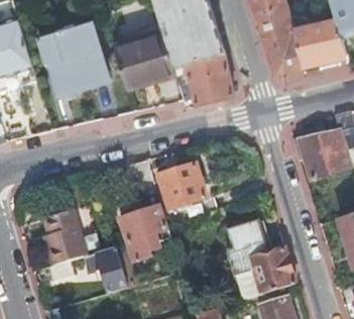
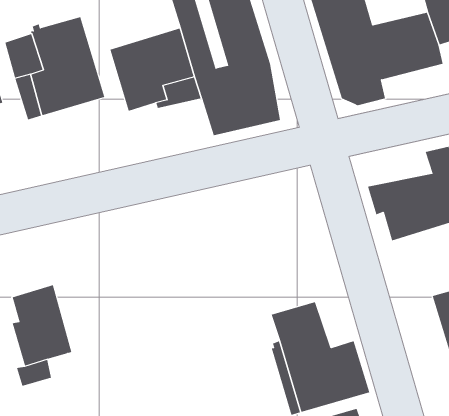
building: [158,165,206,211] -> none
building: [121,207,171,261] -> none
building: [84,248,128,294] -> none

